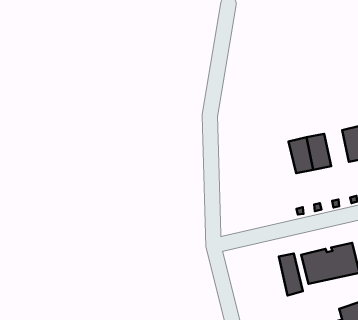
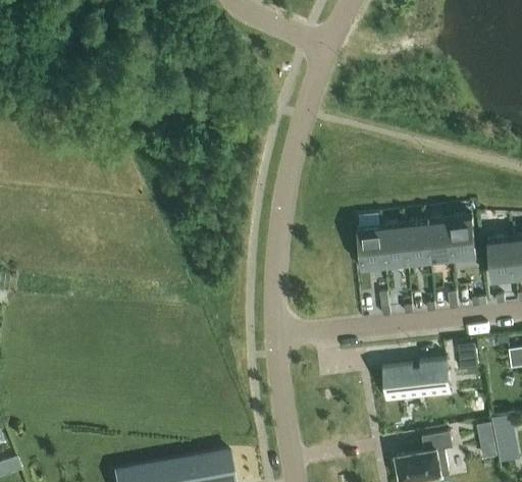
building: none -> [426,218,453,261]
building: none -> [359,225,386,268]
building: [279,254,303,295] -> none

